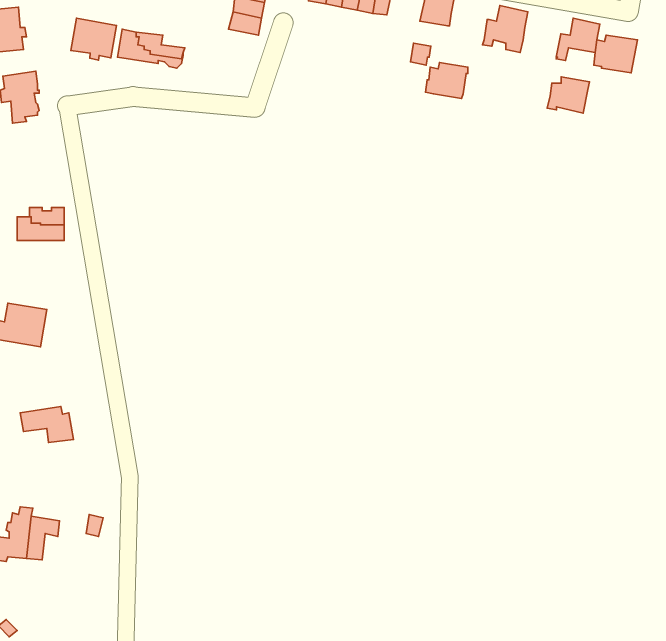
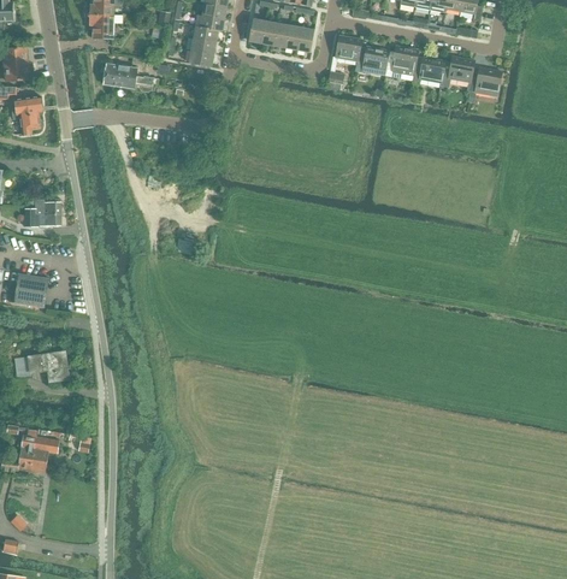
building: [71,18,116,60] -> none
building: [426,62,468,99] -> [354,47,386,75]
building: [547,77,589,113] -> [411,57,443,84]

